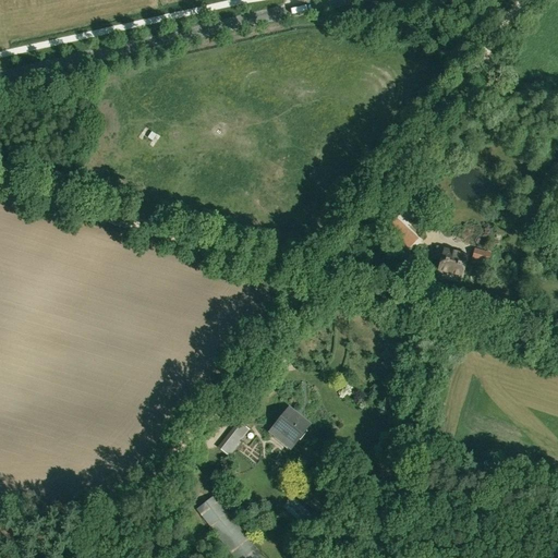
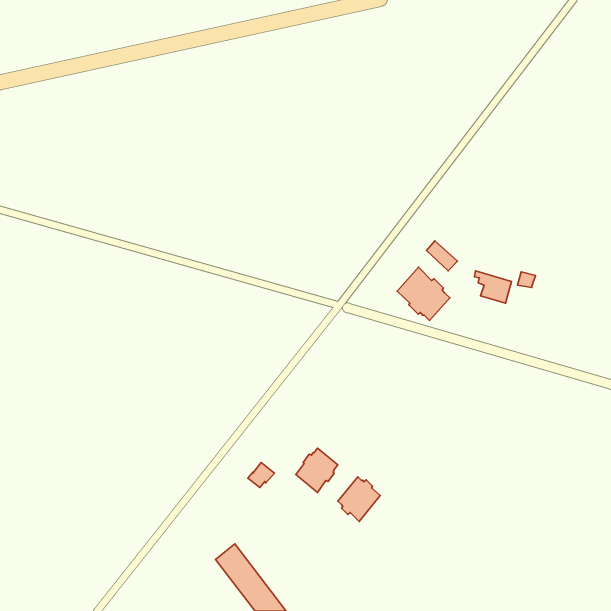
building: none -> [397,267,450,321]
building: none -> [338,477,380,521]

